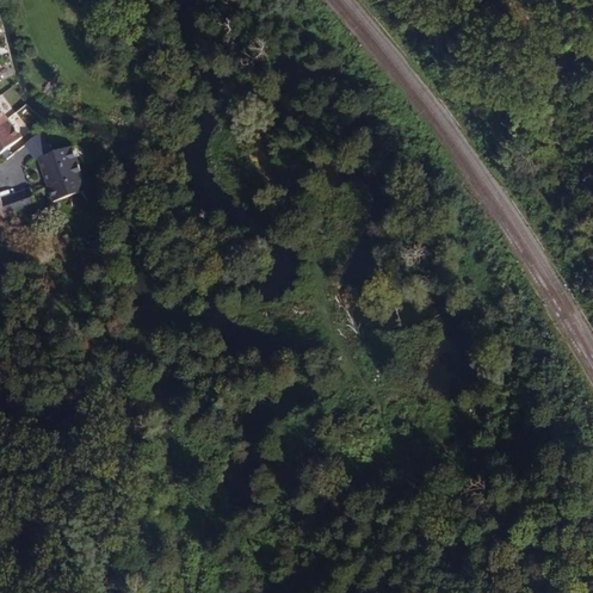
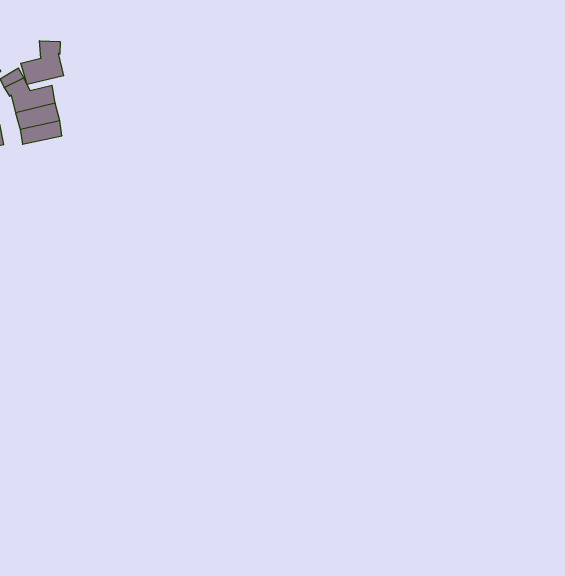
building: none -> [21,41,64,85]

